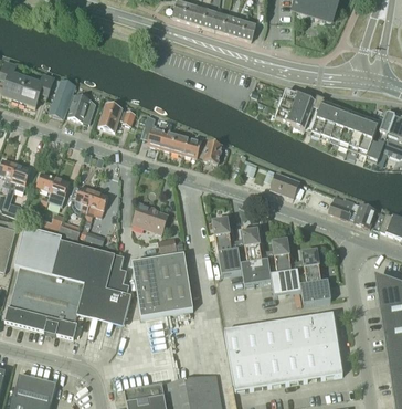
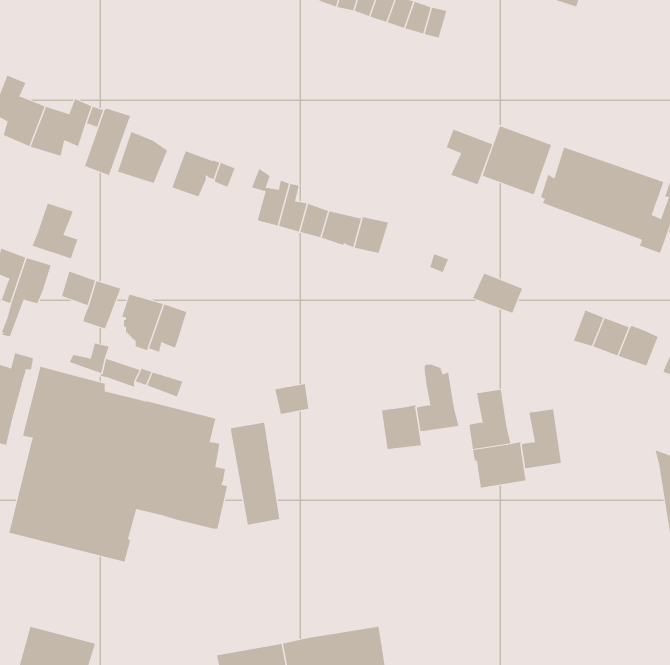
building: none -> [446,129,493,185]
building: none -> [32,203,78,259]
building: [131,201,167,233] -> none
building: [212,218,232,251] -> none
building: [151,252,193,313] -> none
building: [240,258,271,284] -> none
building: [299,280,330,303] -> none
building: [224,312,342,390] -> none

